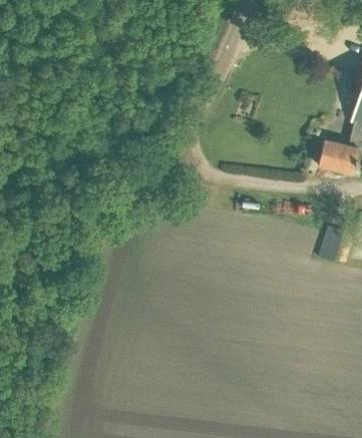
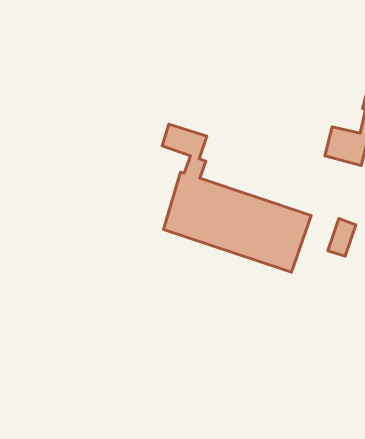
building: none -> [162,124,311,272]

